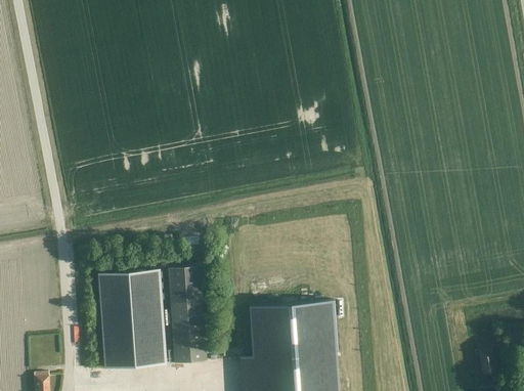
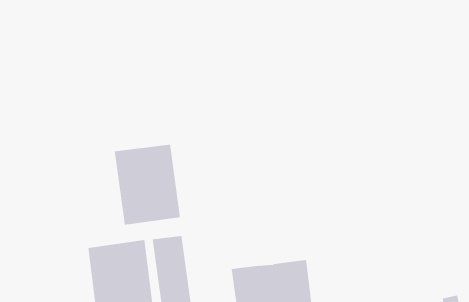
building: none -> [114,144,180,225]

